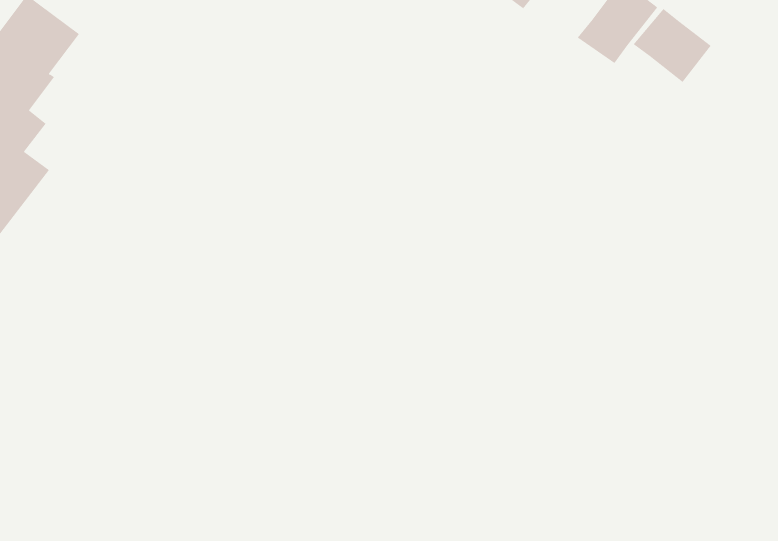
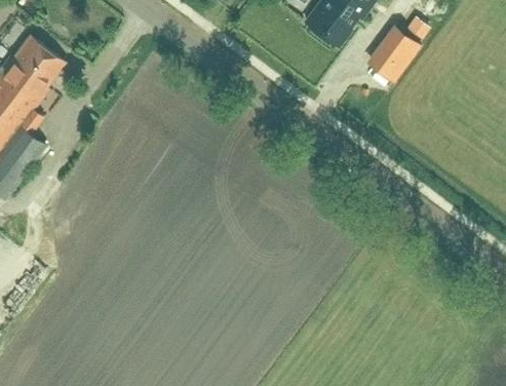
building: [633,8,711,83] -> none

